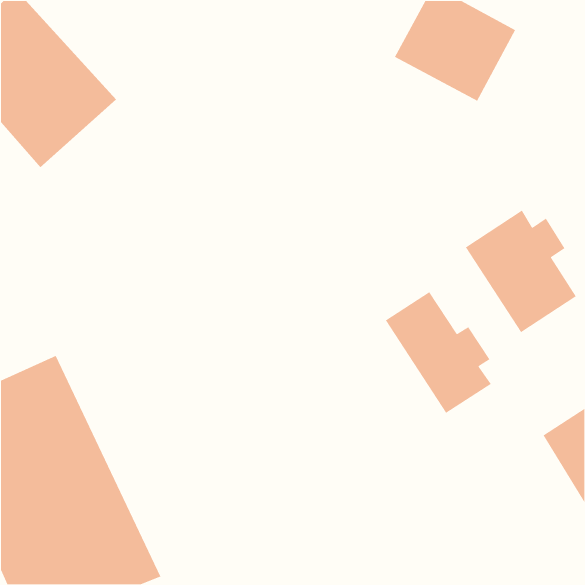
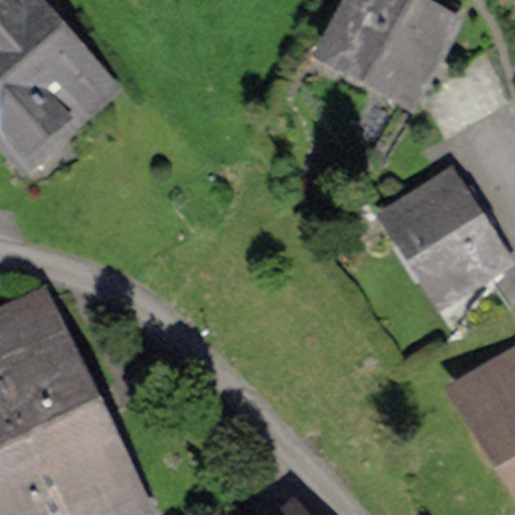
building: [385,291,492,414] -> none

